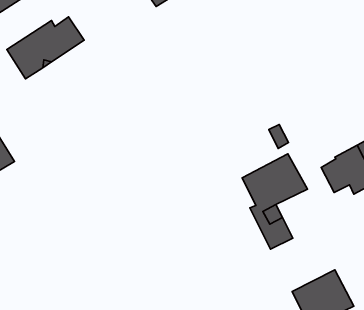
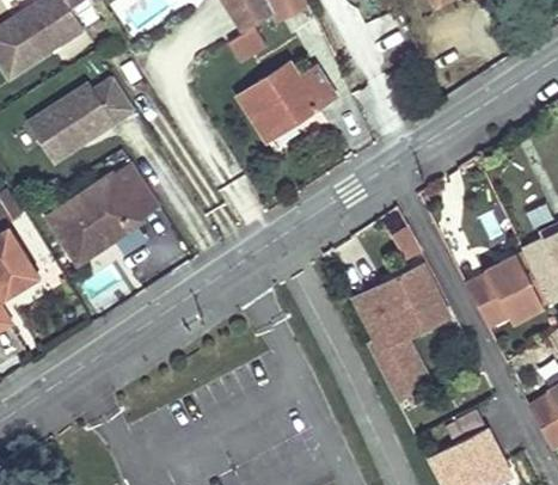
building: none -> [239,63,337,136]
building: none -> [54,164,166,259]

